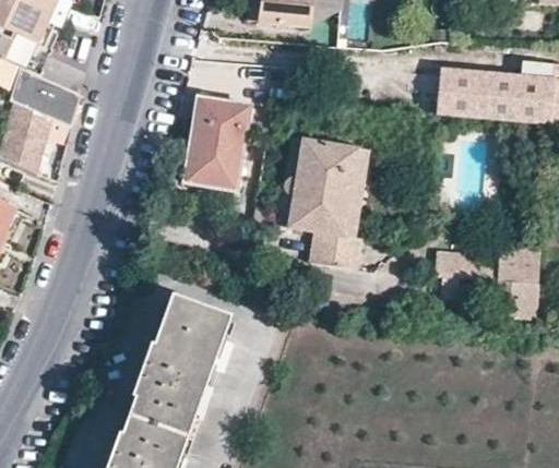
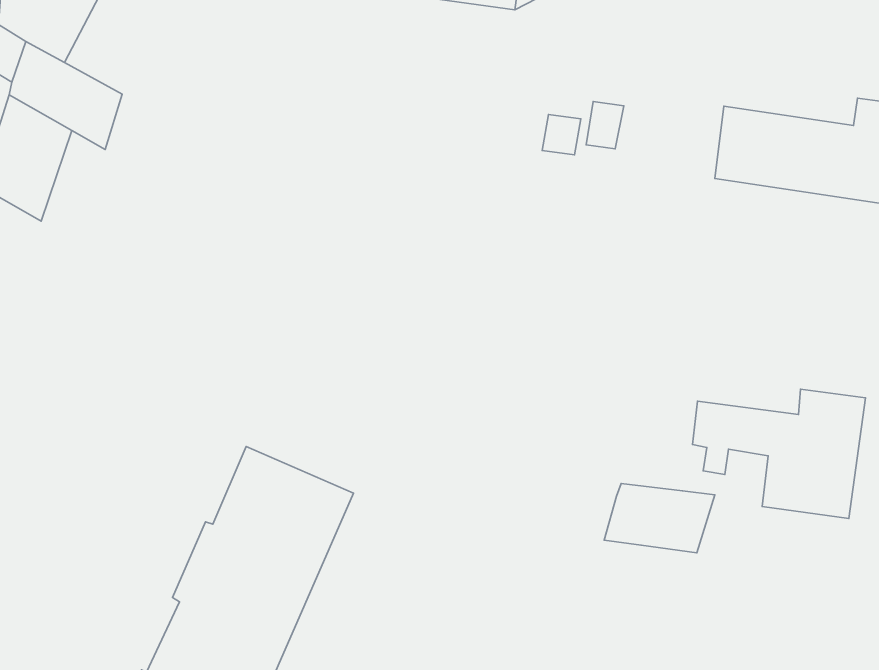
building: [183,96,251,191] -> none
building: [277,136,371,268] -> none
building: none -> [604,484,715,553]

